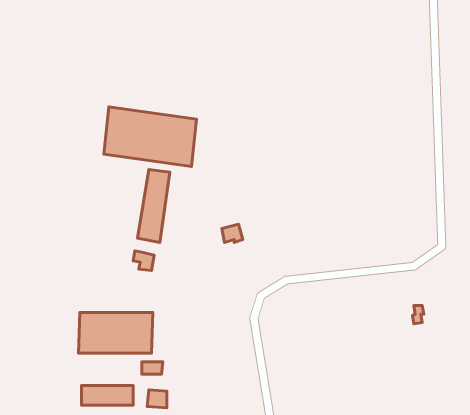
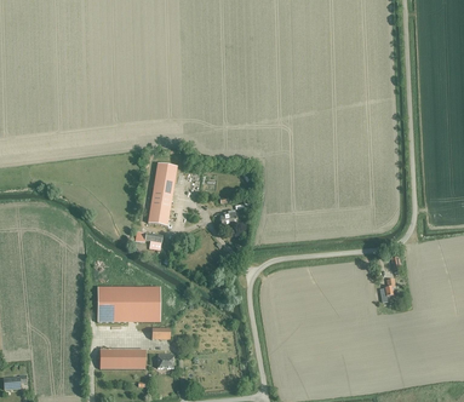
building: [104,107,197,167] -> none

